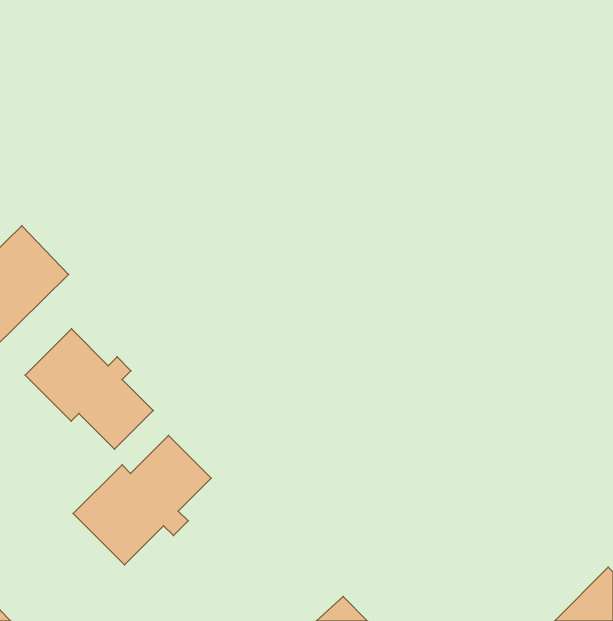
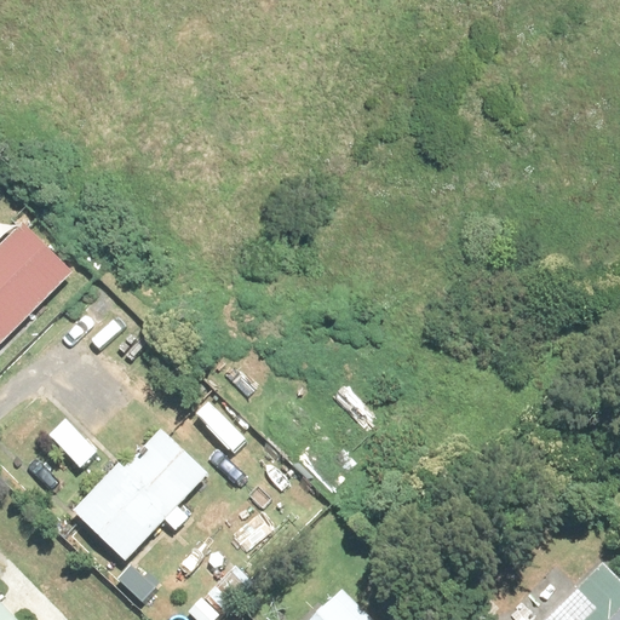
building: [25,329,153,449] -> none

